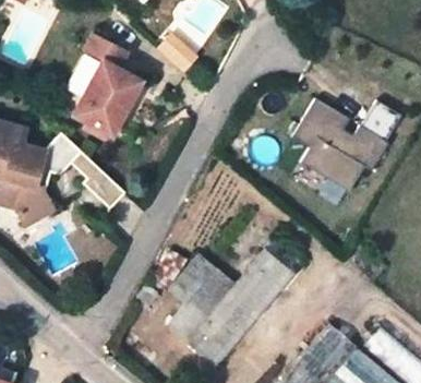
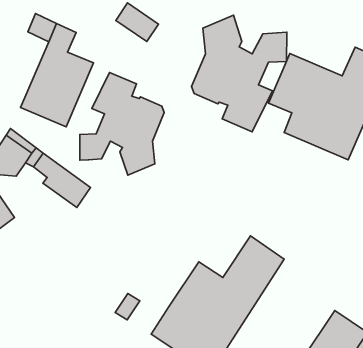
building: none -> [192,15,287,132]
building: none -> [80,72,164,175]
building: [165,252,214,303] -> none

